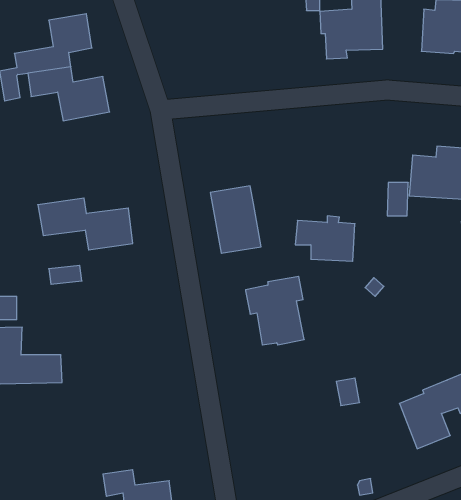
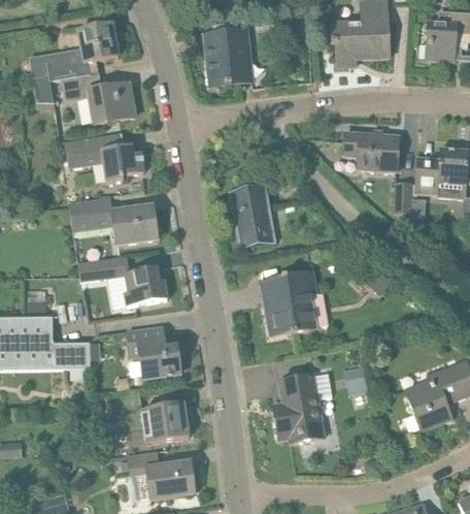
building: none -> [206,29,254,86]
building: none -> [64,133,145,182]
building: [295,216,355,261] -> [343,128,399,170]
building: none -> [124,267,168,307]
building: none -> [127,326,180,379]
building: none -> [275,373,332,443]
building: none -> [141,404,190,443]

